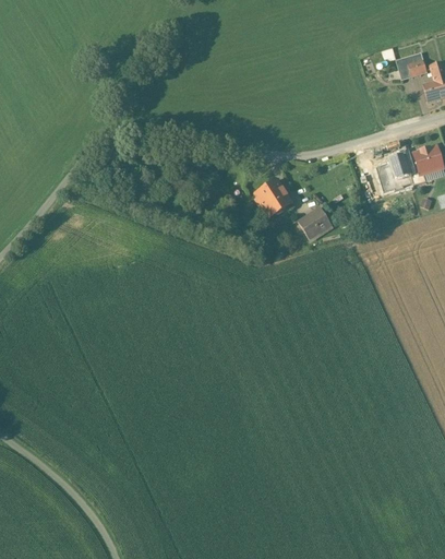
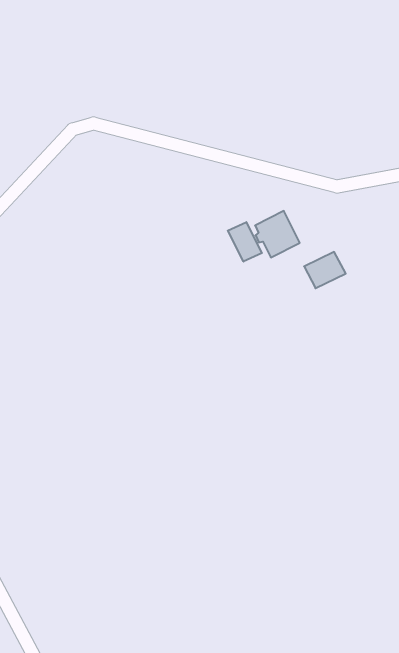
building: none -> [228,222,262,262]

